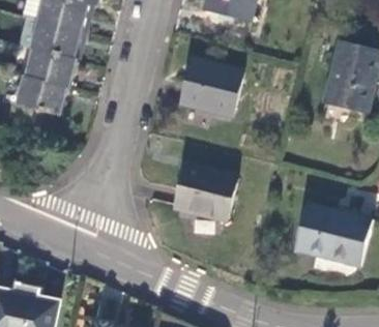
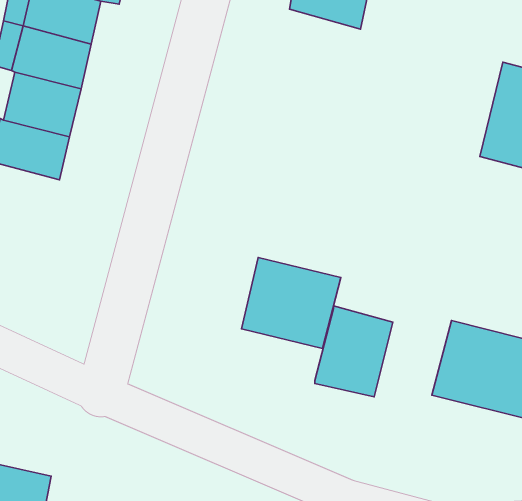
building: [181,59,243,117] -> none
building: none -> [315,306,393,397]

